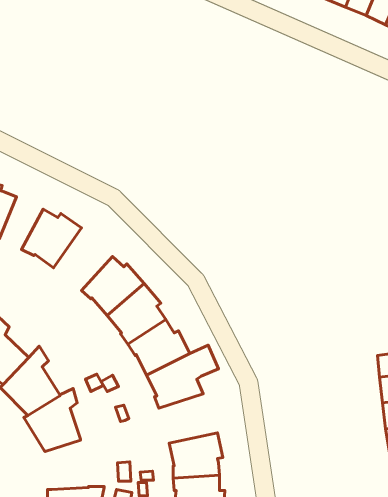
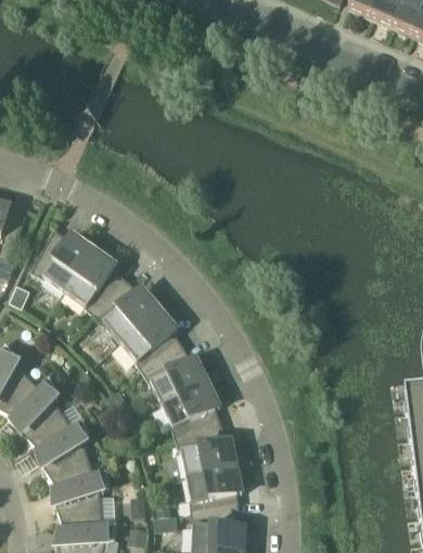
building: none -> [64,249,126,316]
building: none -> [175,424,236,476]
building: none -> [50,467,108,525]

